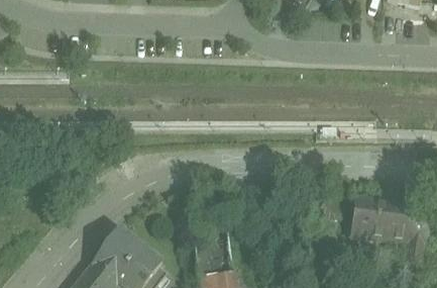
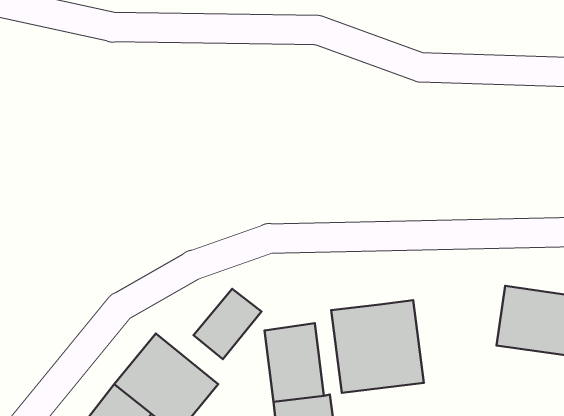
building: none -> [193,289,261,359]
building: none -> [331,300,424,393]

